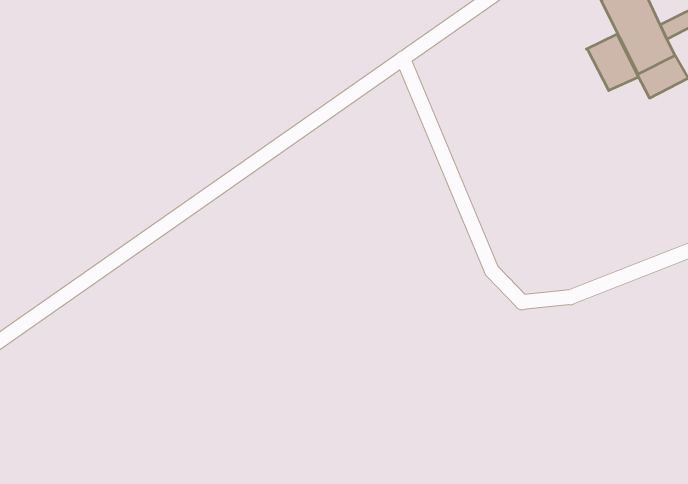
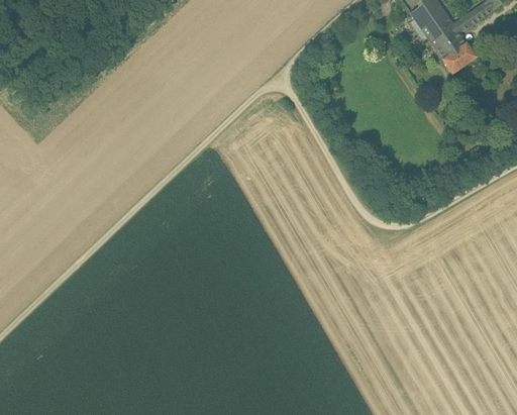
building: [586,34,638,91] -> none

